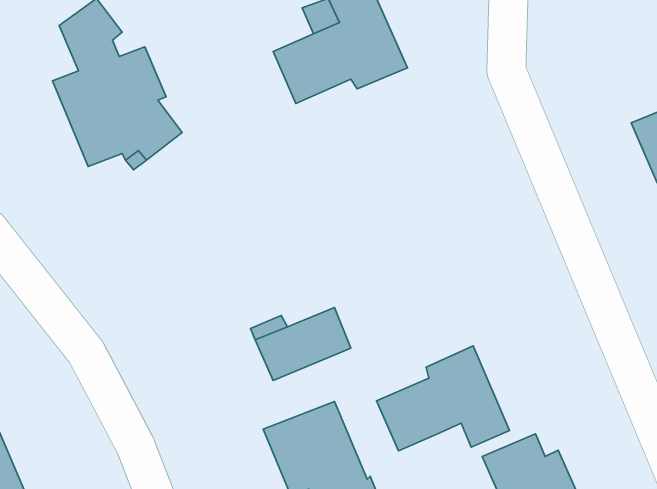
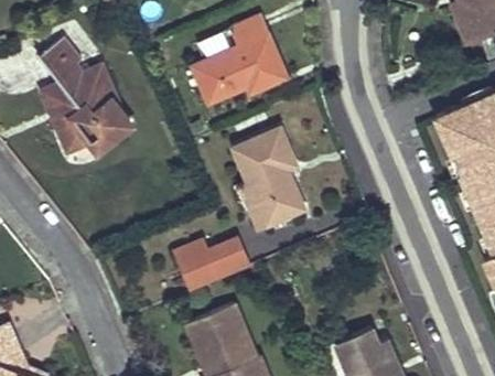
building: none -> [232,129,305,229]
building: [377,346,510,451] -> none

